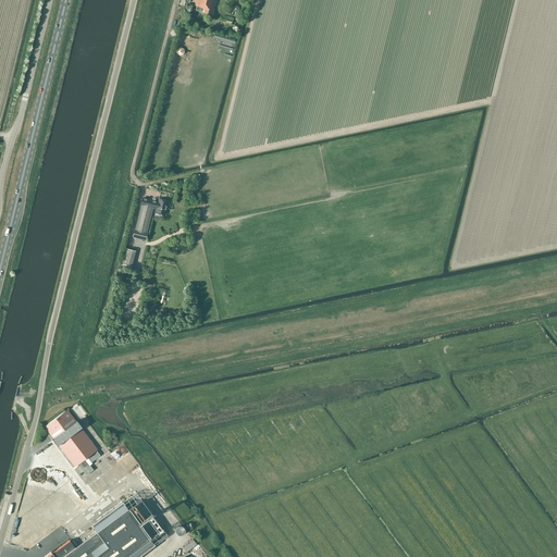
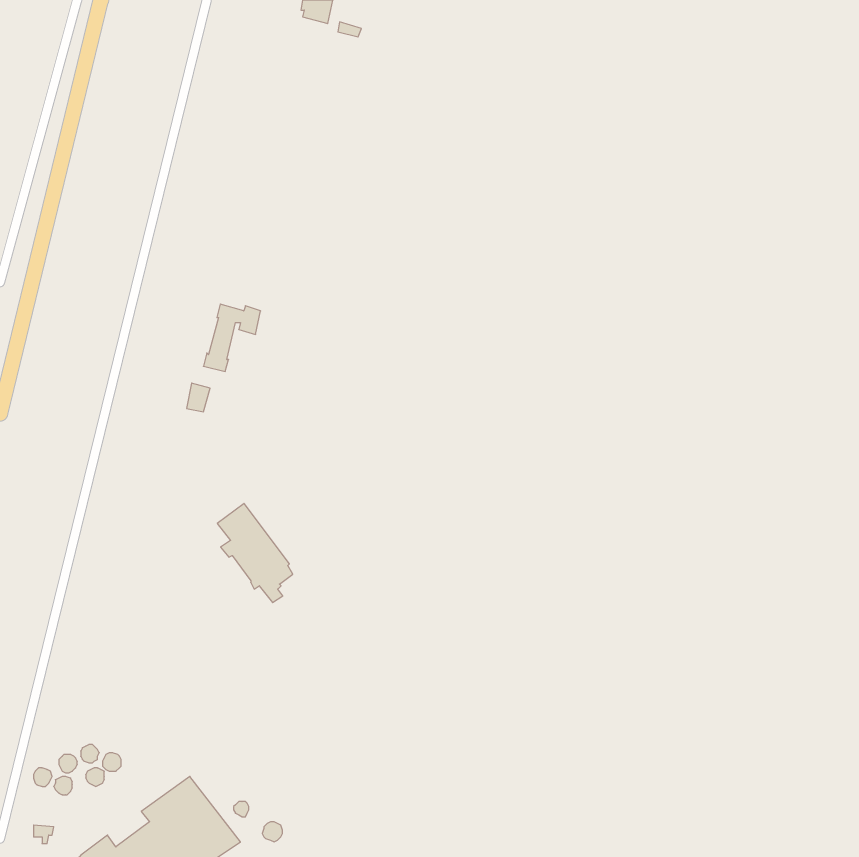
building: [51,411,100,475] -> [217,503,293,603]

